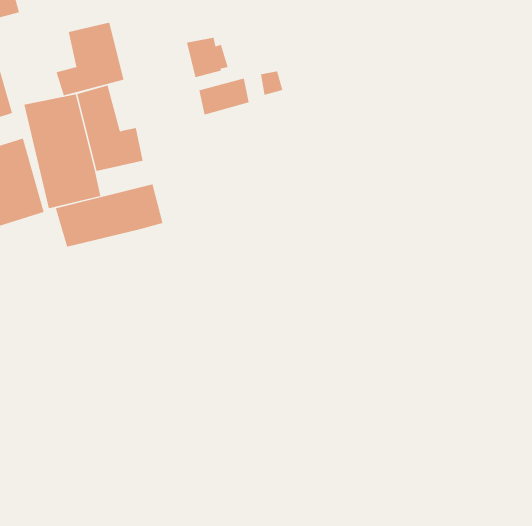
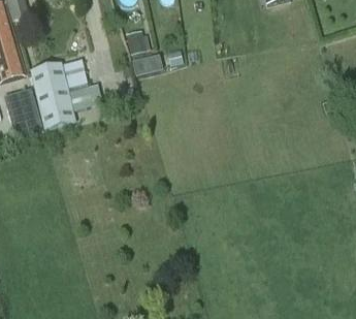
building: [56,22,124,96] -> none
building: [55,183,163,247] -> none

